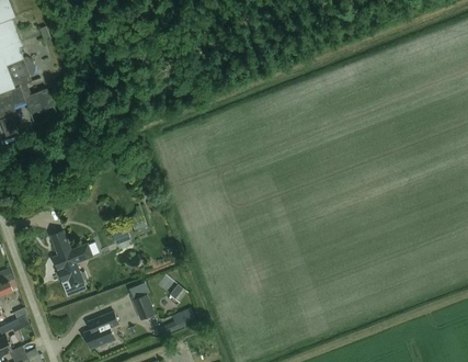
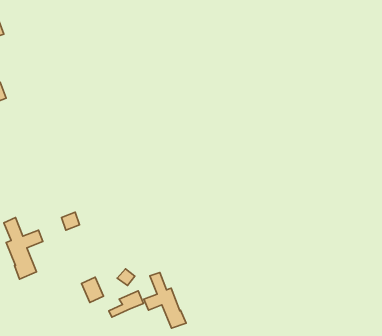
building: none -> [144,273,186,328]
building: [83,312,118,349] -> none

